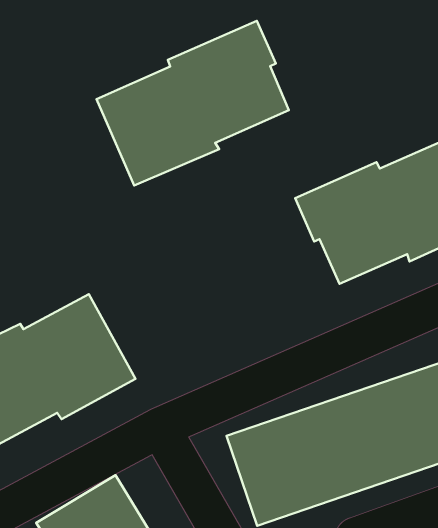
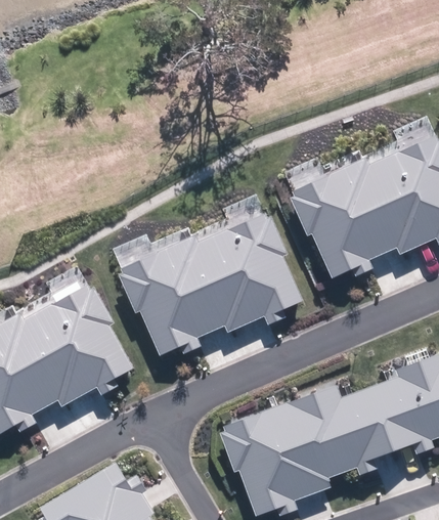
building: [96,21,289,186] -> none
building: none -> [118,215,303,356]

